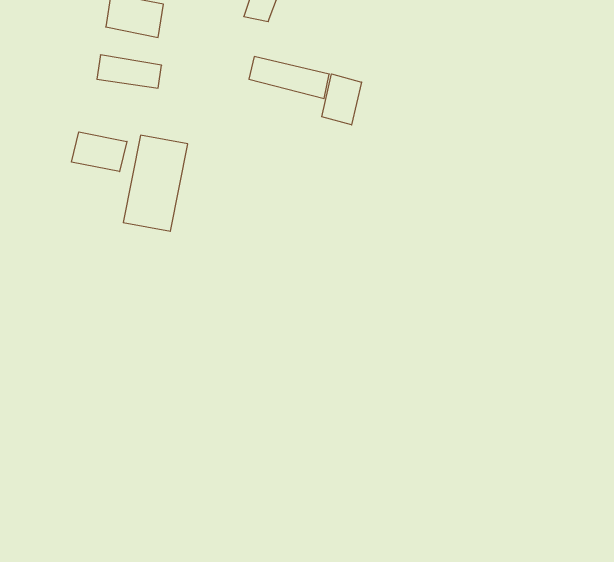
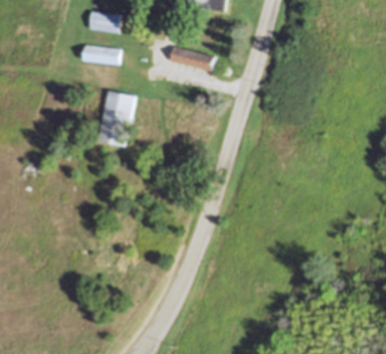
building: [322,74,362,125] -> none
building: [72,132,127,172] -> none

